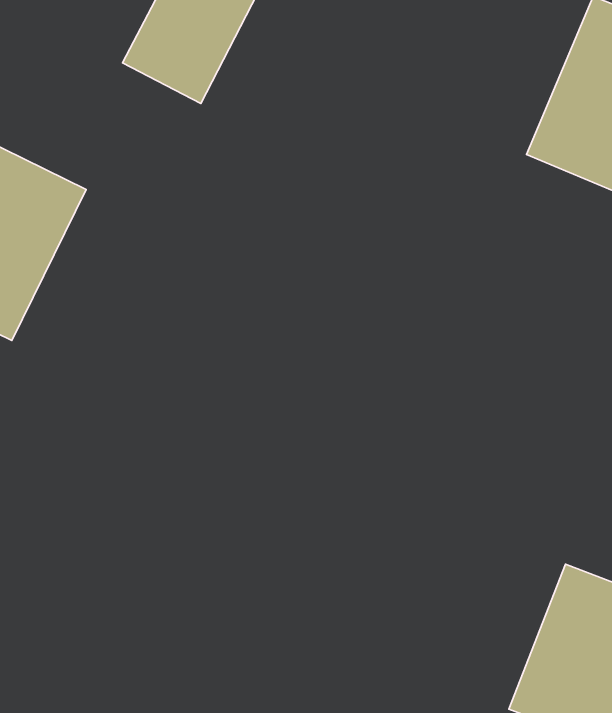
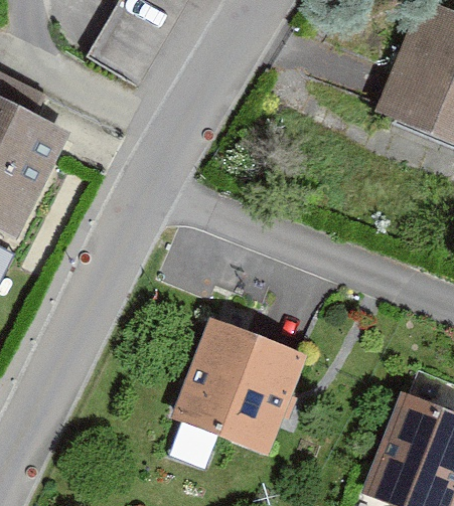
building: none -> [171,317,308,455]

